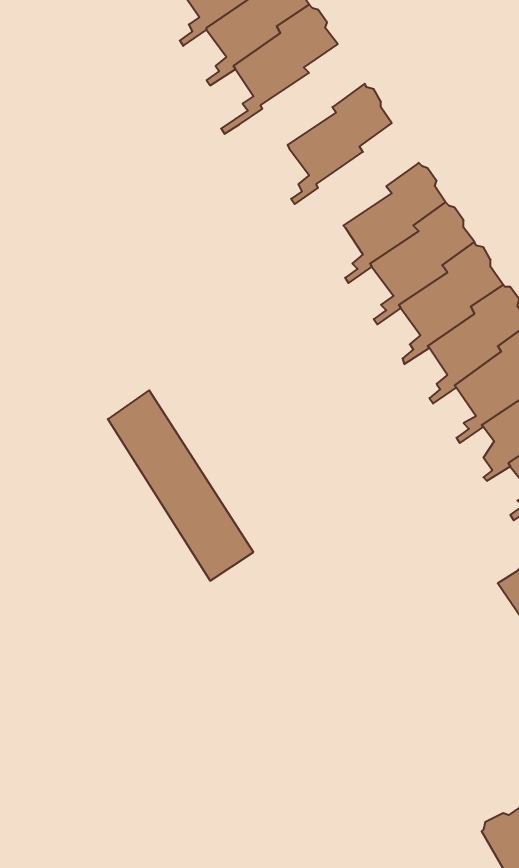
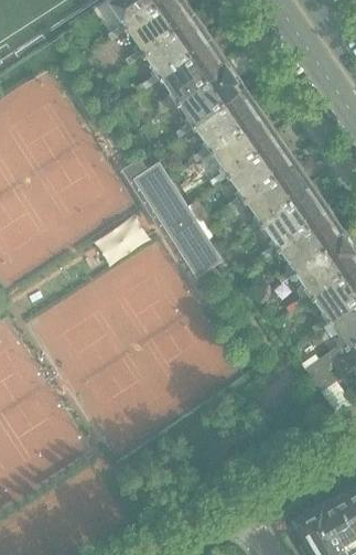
building: none -> [161,41,225,115]
building: none -> [195,89,258,163]
building: [108,390,253,581] -> [133,164,223,281]

